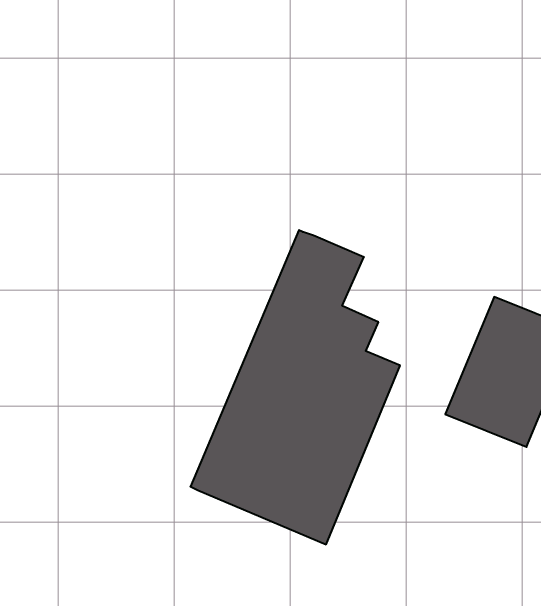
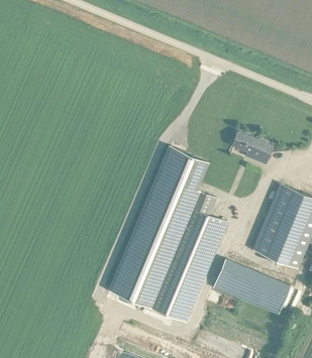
building: none -> [230,131,272,165]
building: none -> [212,259,289,315]

